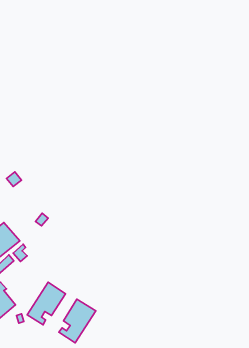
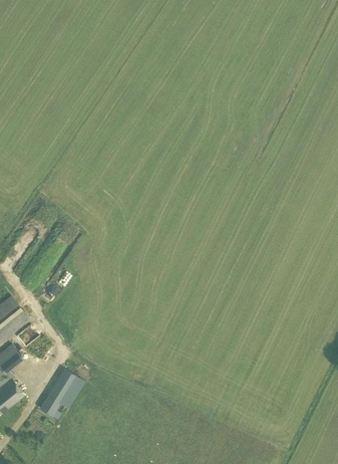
building: [59,299,96,343] -> none

